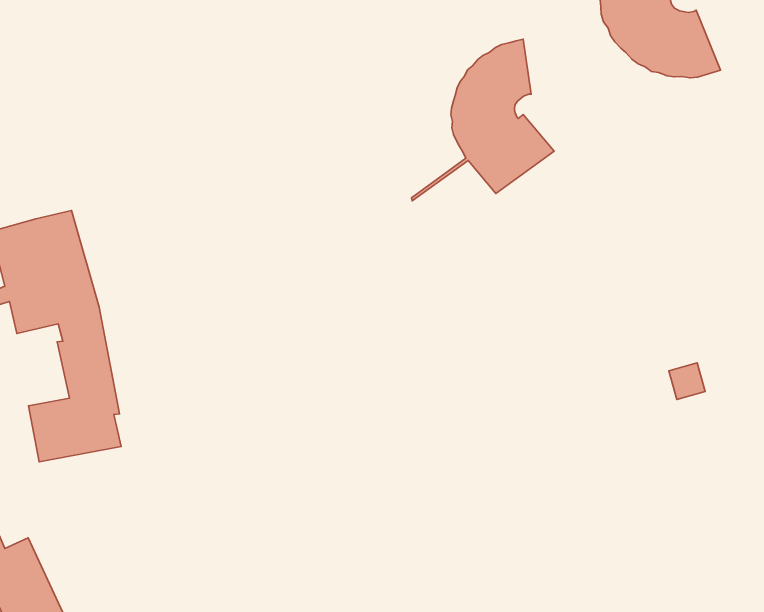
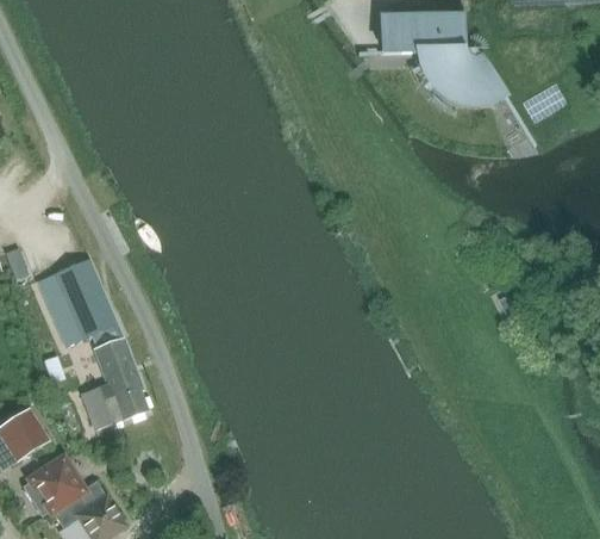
building: [411,39,554,201] -> none

